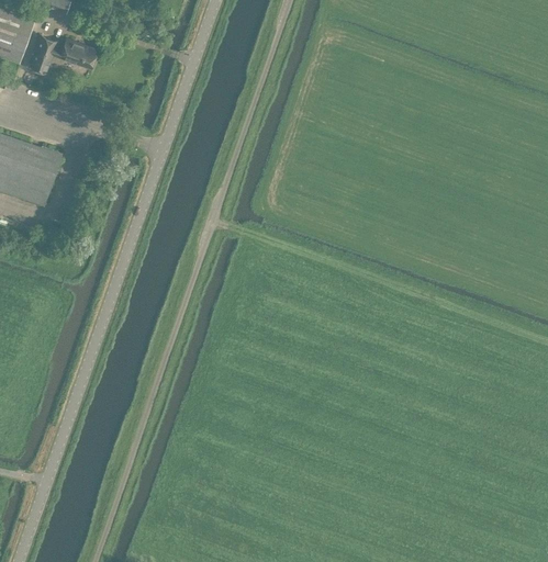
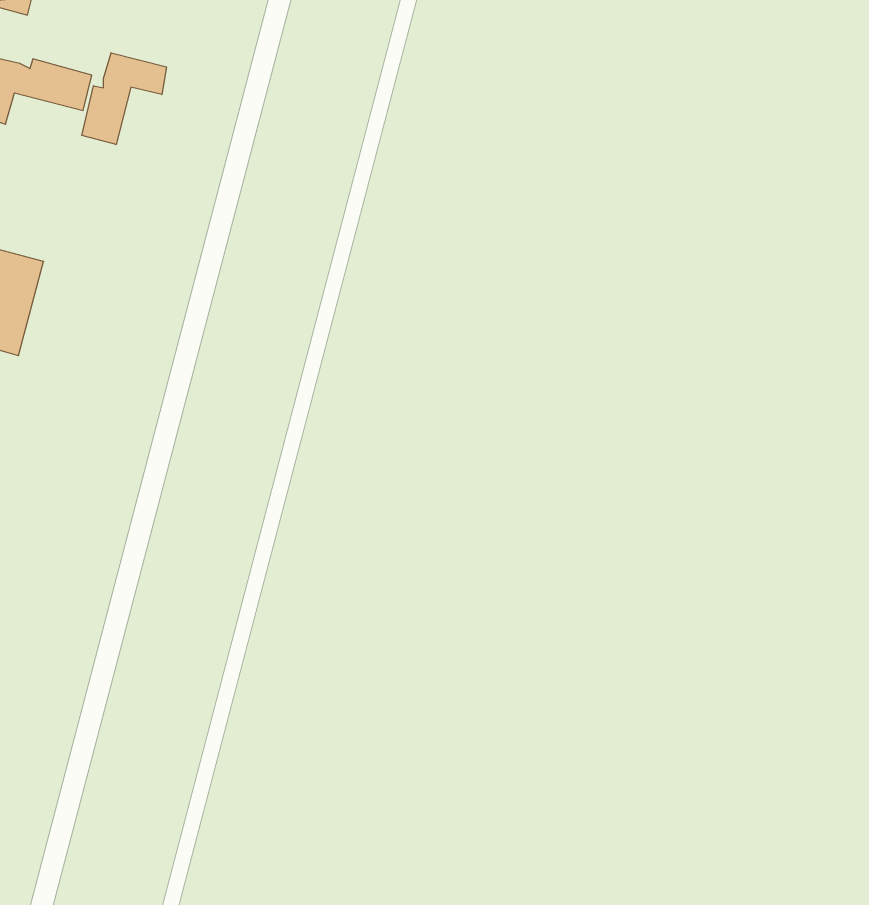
building: none -> [82,53,166,145]

